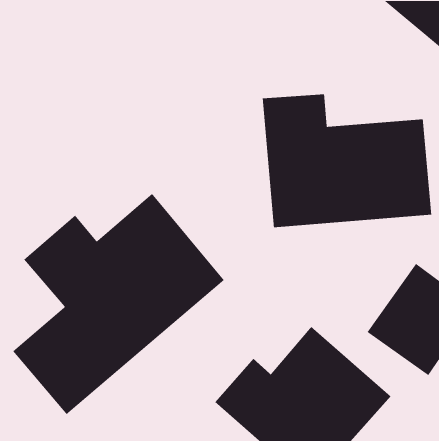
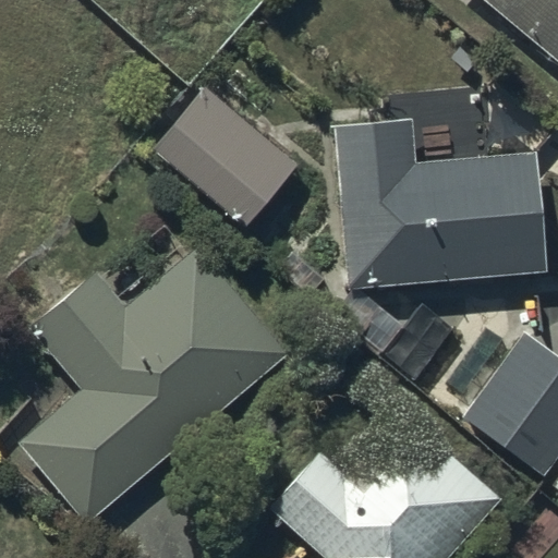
building: none -> [153,85,300,227]

